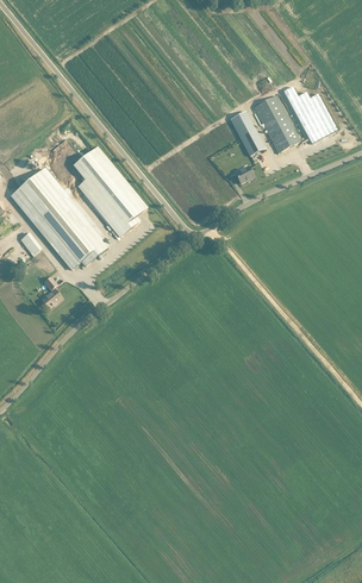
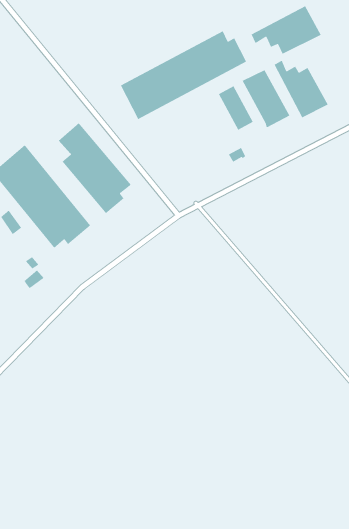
building: none -> [250,5,322,55]
building: none -> [120,30,247,120]

